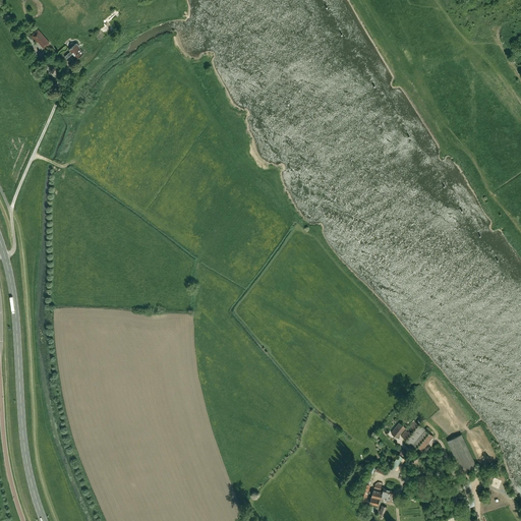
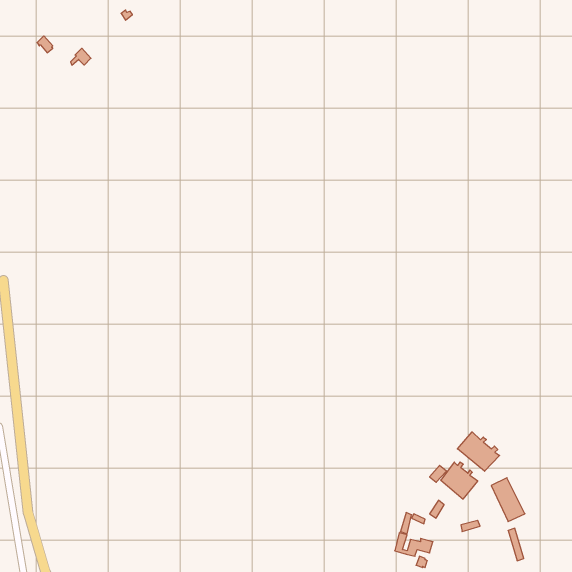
building: none -> [457,432,500,471]

